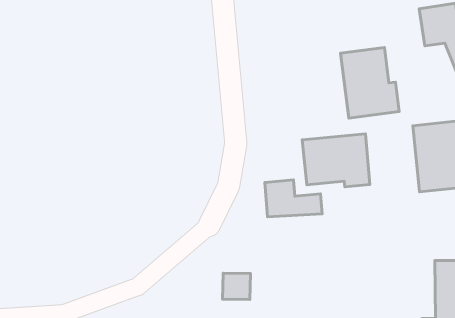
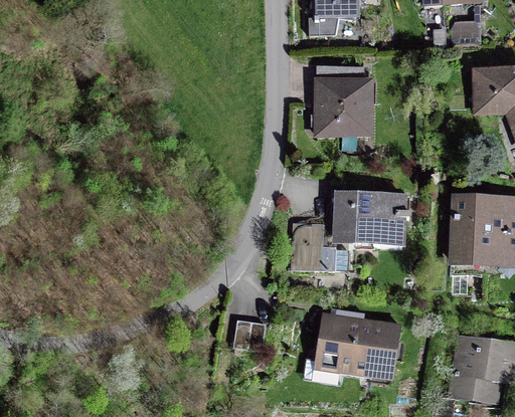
building: [340,48,399,118] -> [317,68,370,137]
building: none -> [317,315,399,377]

